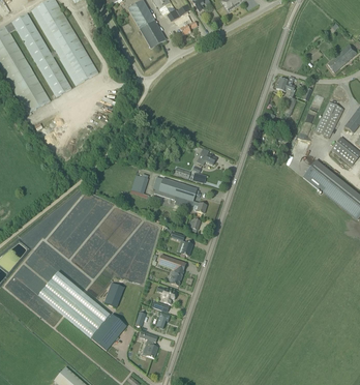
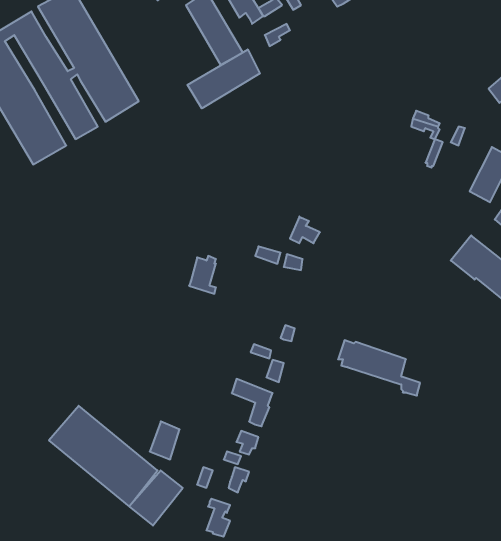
building: none -> [187,49,260,108]
building: [152,176,206,212] -> [338,340,420,396]

